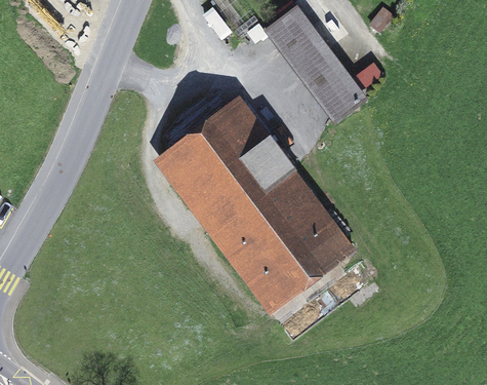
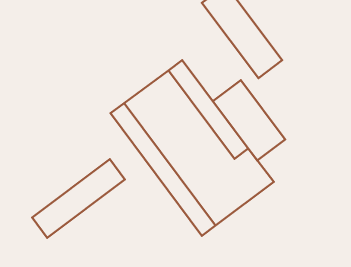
building: none -> [213,80,285,160]
building: none -> [32,159,125,238]

